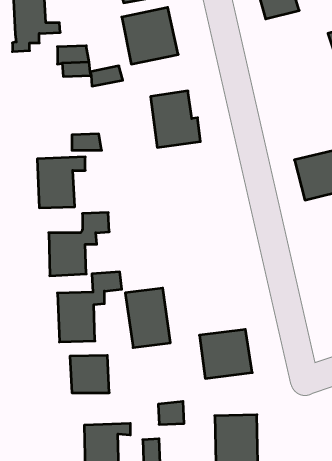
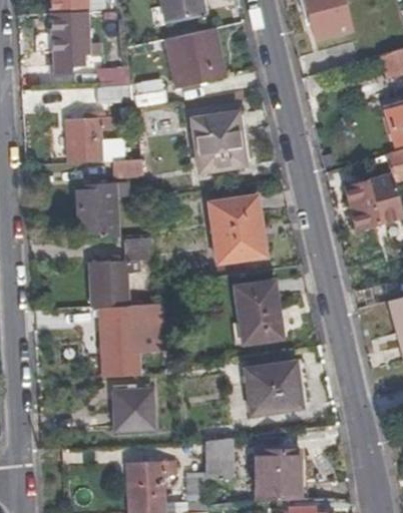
building: none -> [66,118,111,163]
building: none -> [212,197,266,265]
building: [125,288,170,348] -> [235,284,282,346]

